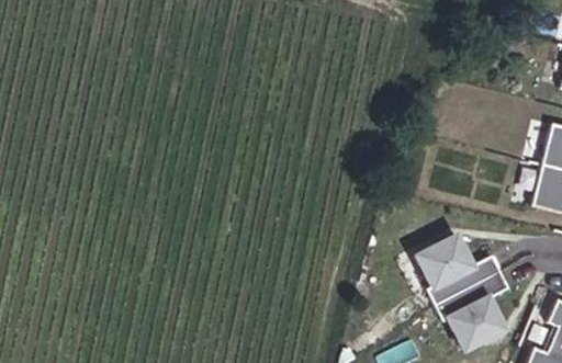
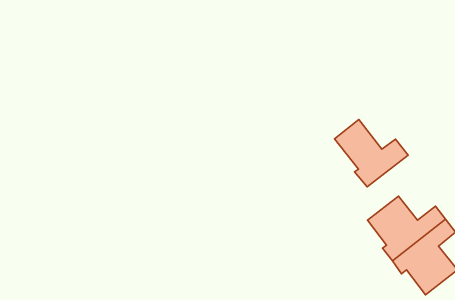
building: none -> [334,119,408,187]

